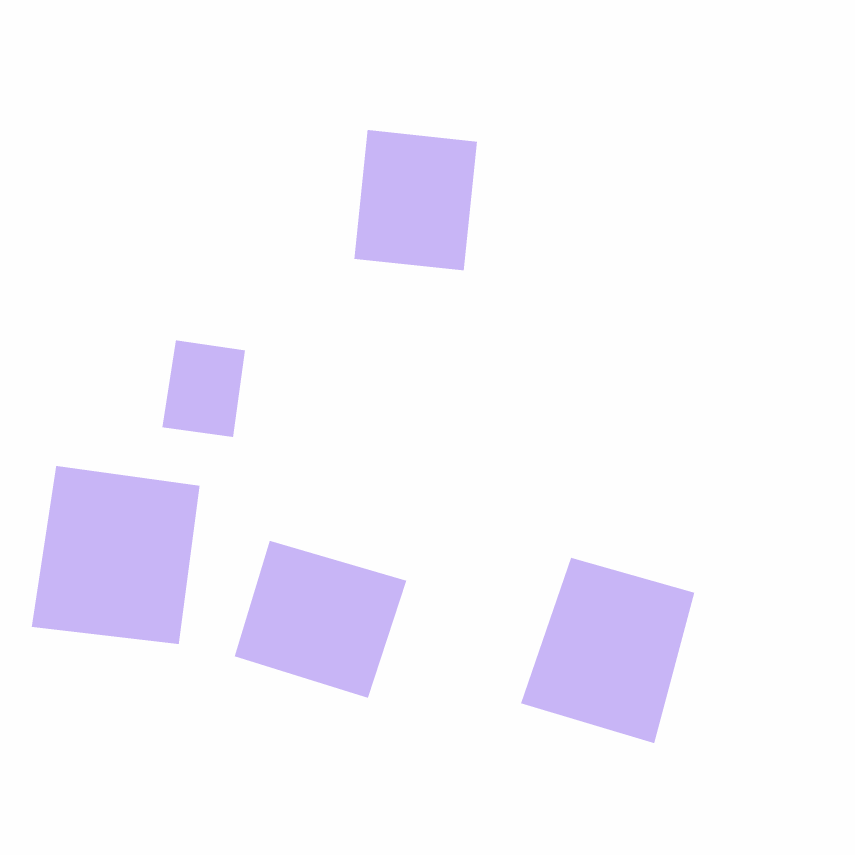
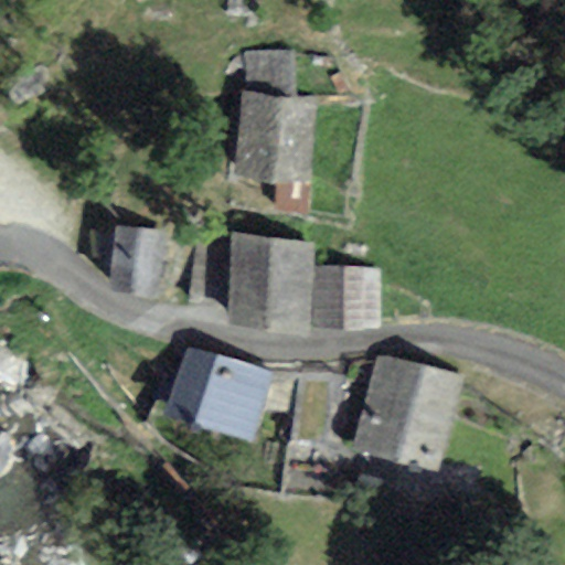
building: none -> [232,234,380,317]
building: [31,465,200,645] -> none

